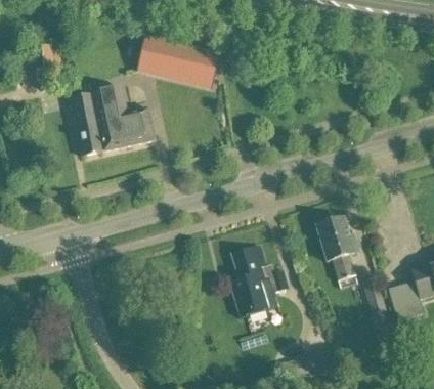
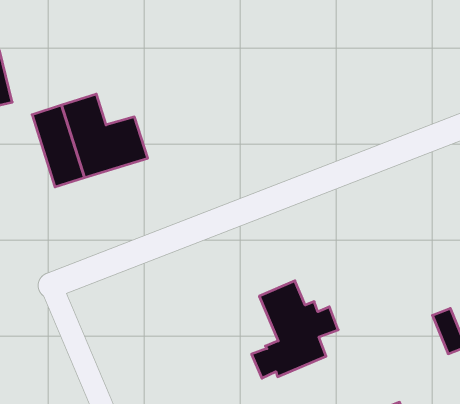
building: [140,35,219,86] -> none
building: [315,217,358,280] -> none

